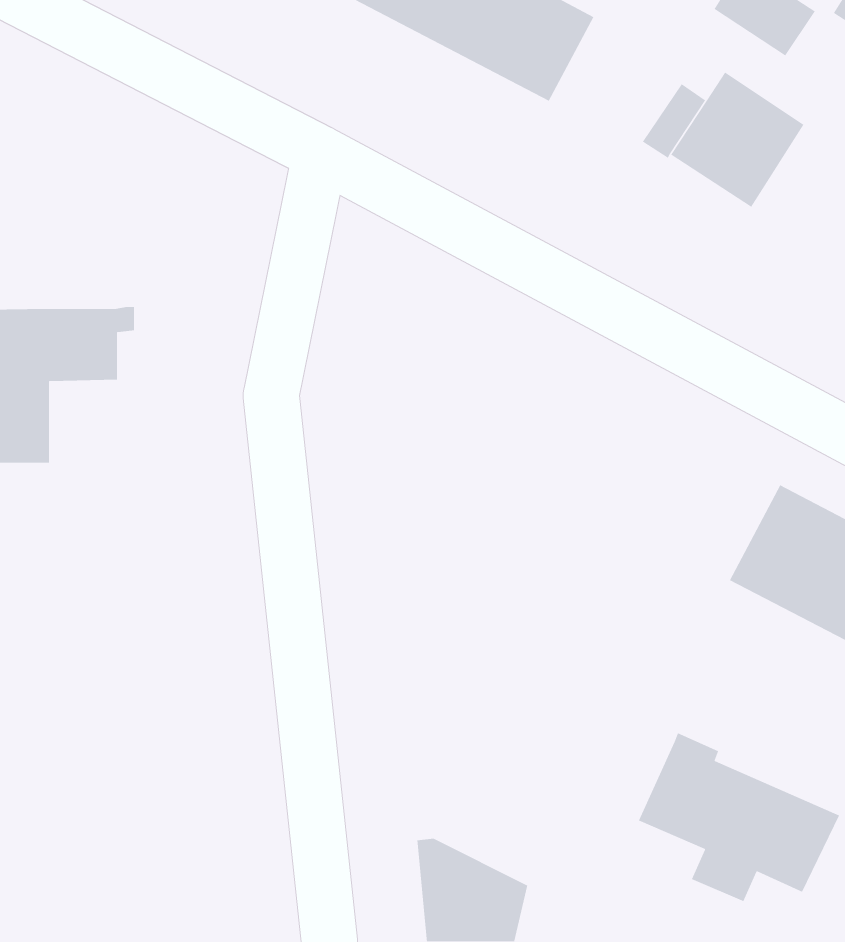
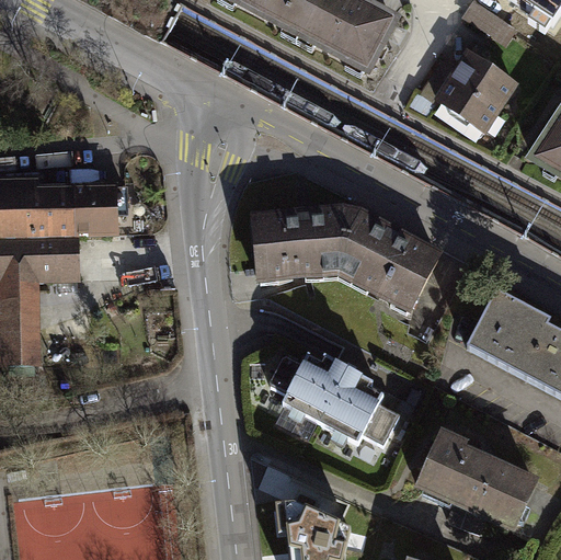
building: none -> [255,212,440,308]
building: none -> [266,354,397,445]

